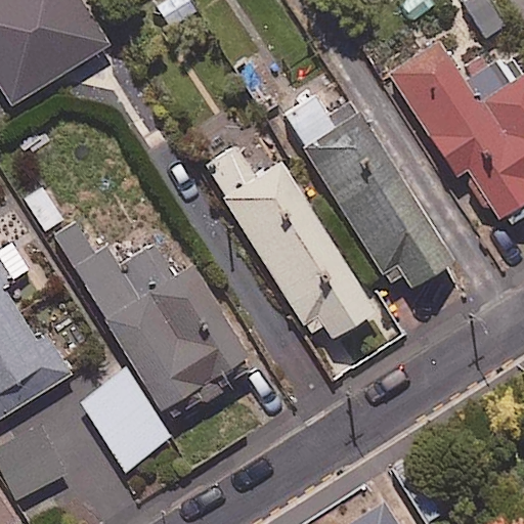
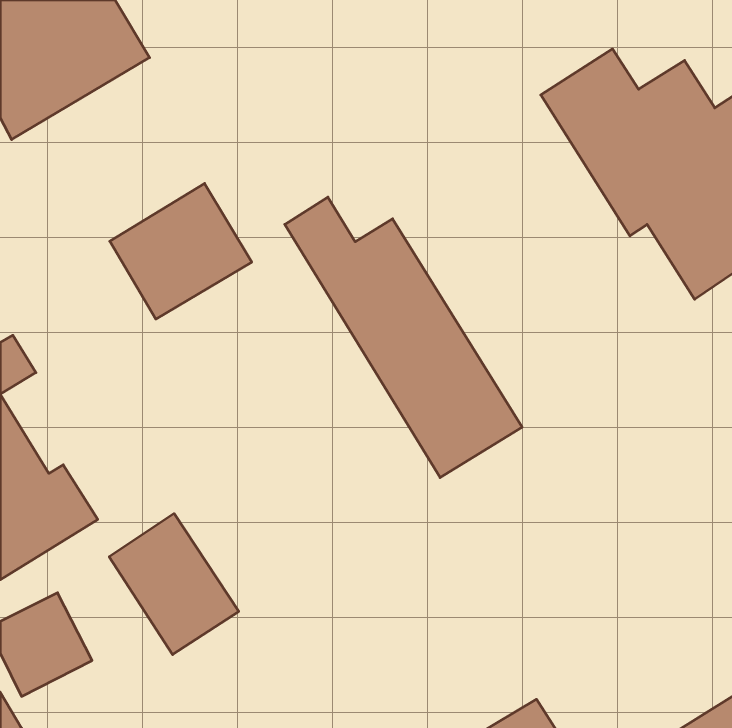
building: [280,81,452,295] -> none
building: none -> [110,183,252,319]
building: [52,220,248,408] -> none

